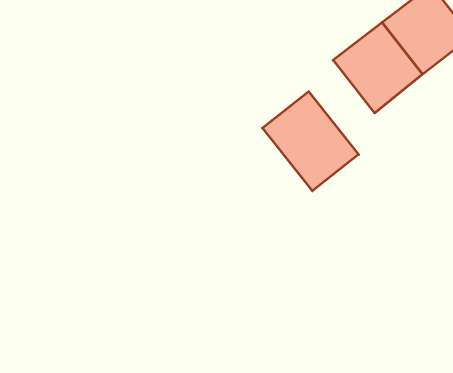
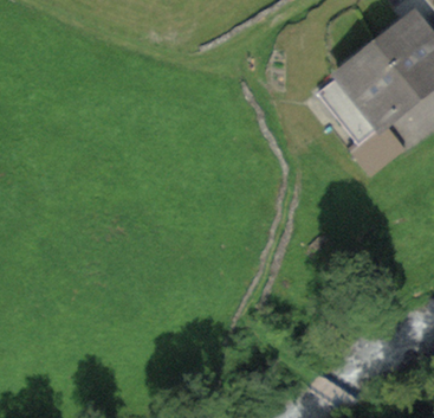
building: [262,92,359,191] -> none

